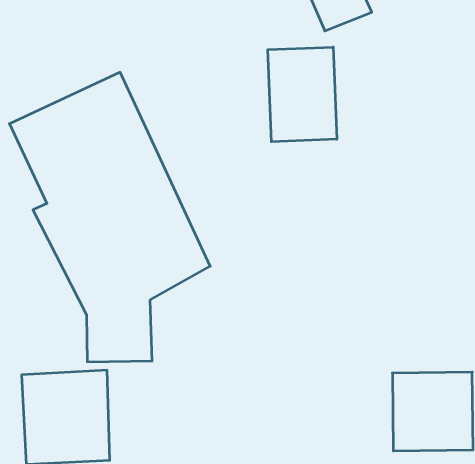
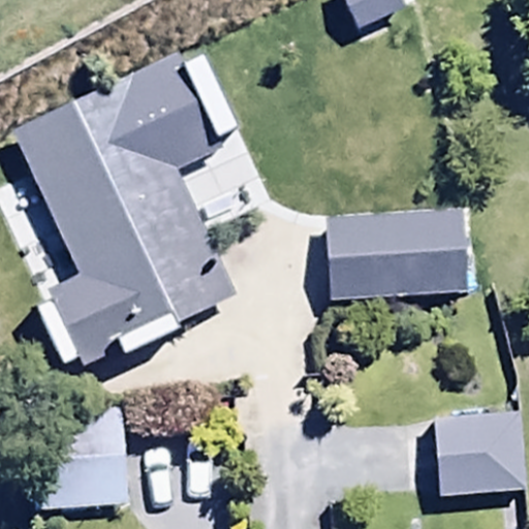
building: [268,47,337,142] -> none
building: none -> [324,206,465,300]

